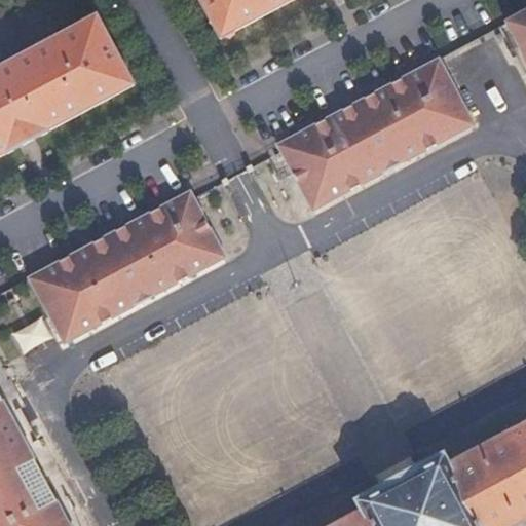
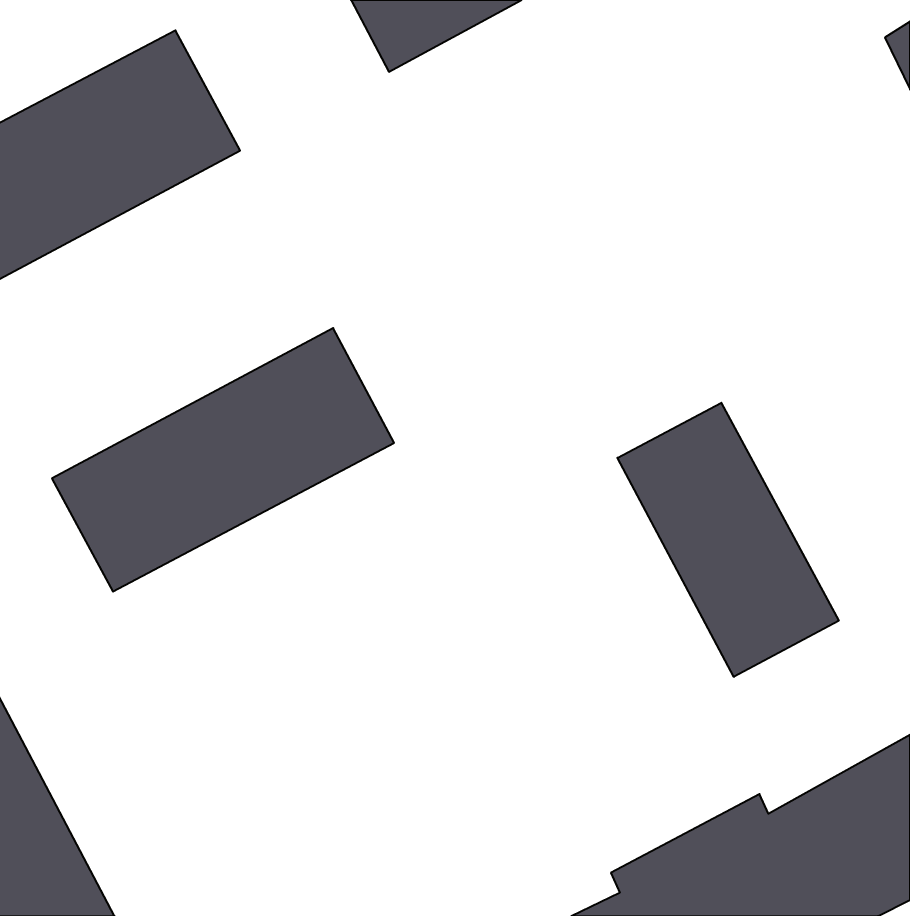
building: [278,59,473,209] -> none
building: none -> [617,403,839,677]

